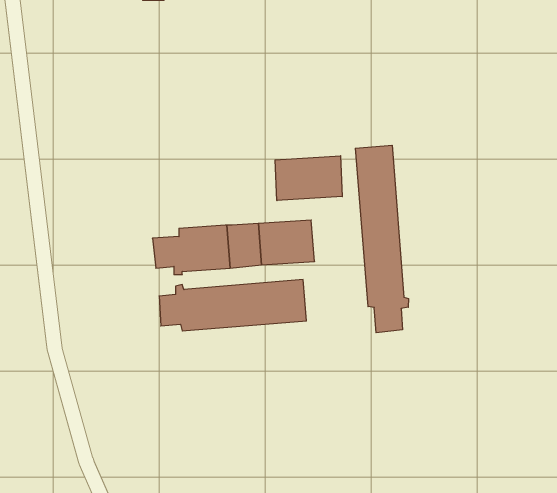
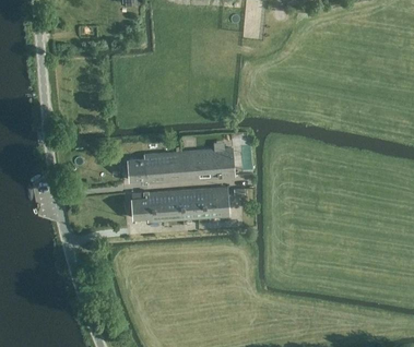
building: [355,145,409,333] -> none
building: [275,156,342,201] -> none

